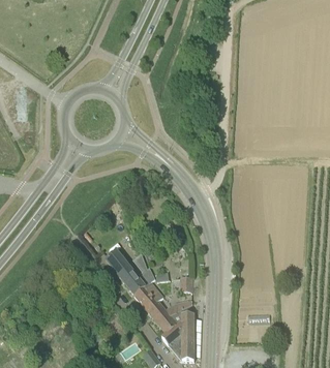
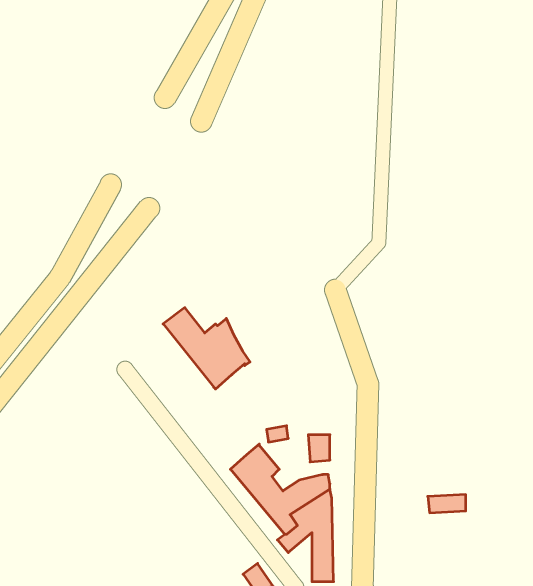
building: [106,250,155,297] -> [163,308,250,389]

